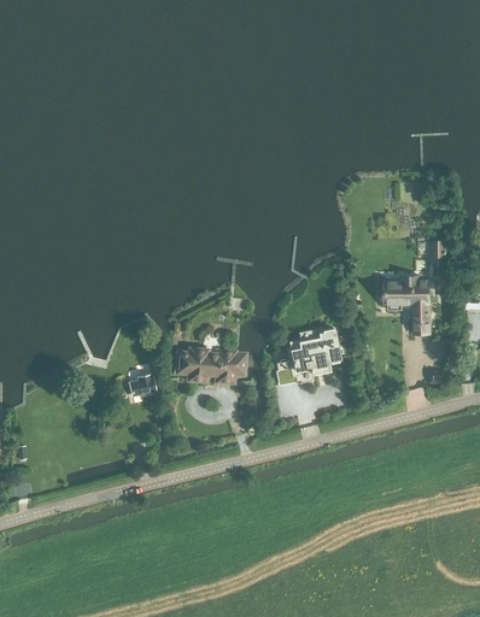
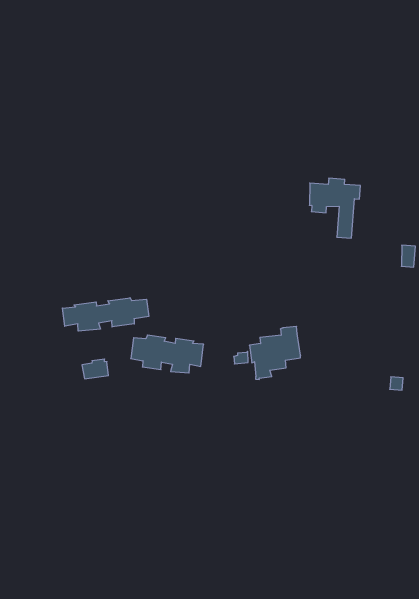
building: [385,274,434,330] -> [309,178,360,238]
building: none -> [62,298,149,331]

